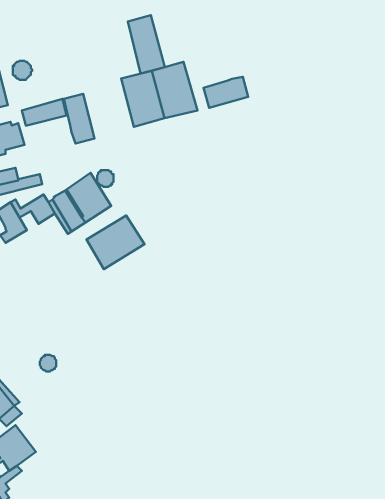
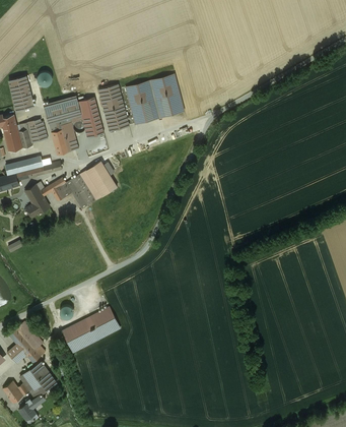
building: [128,15,165,74] -> [98,84,128,131]
building: [204,77,248,108] -> none
building: none -> [49,115,81,155]
building: [87,215,144,269] -> none
building: none -> [61,306,121,353]

